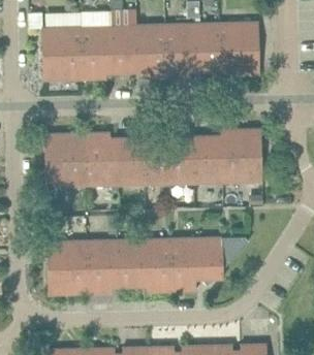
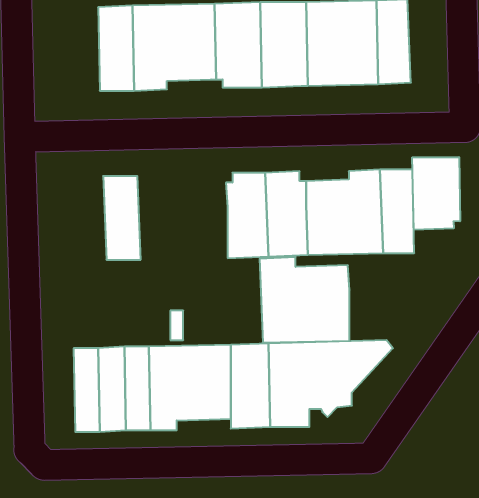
building: [41,27,64,80] -> none
building: none -> [412,157,460,230]
building: [88,132,145,186] -> [260,257,350,342]
building: [44,133,68,187] -> none

